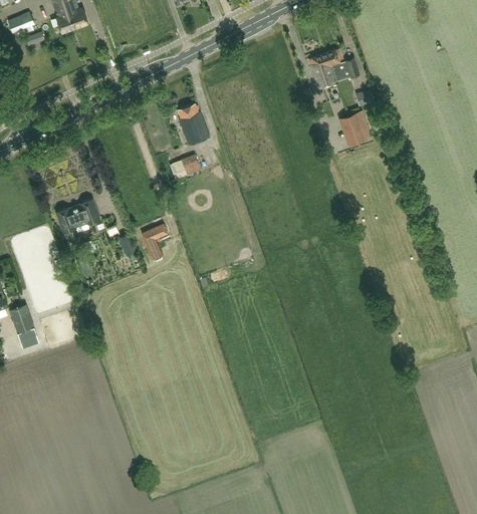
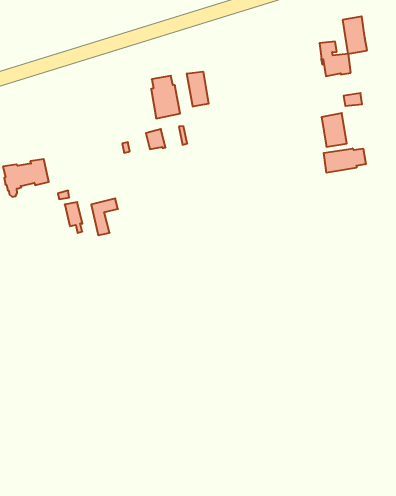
building: [309,51,336,87] -> [343,16,367,54]
building: none -> [187,72,209,107]
building: none -> [324,148,366,173]

